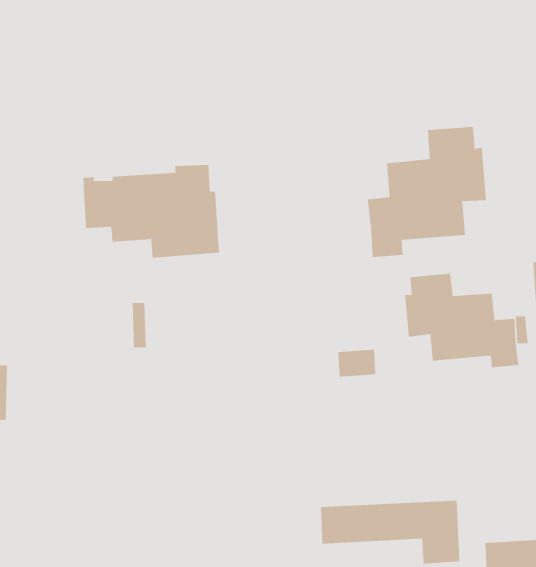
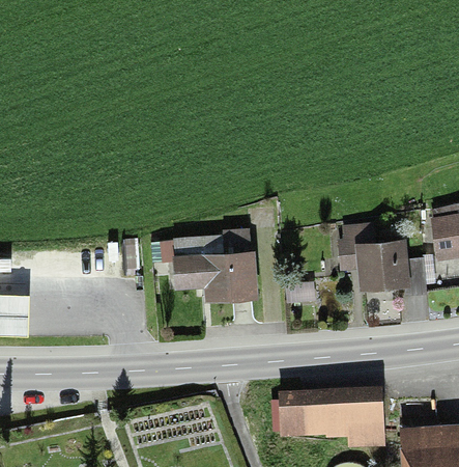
building: [367,126,487,258] -> none
building: [82,165,220,258] -> [151,228,258,301]

